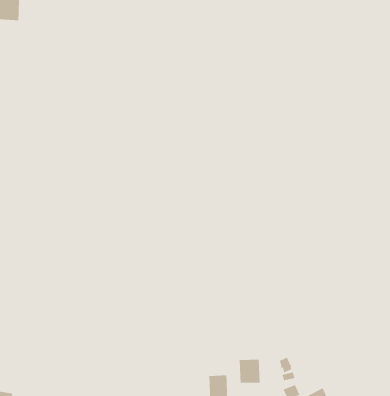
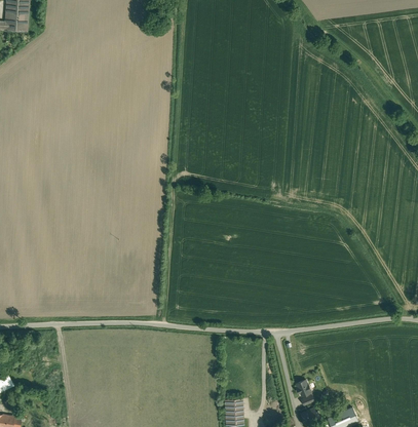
building: [239,359,261,384] -> none

